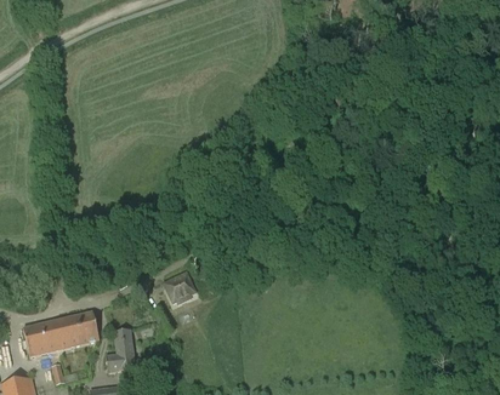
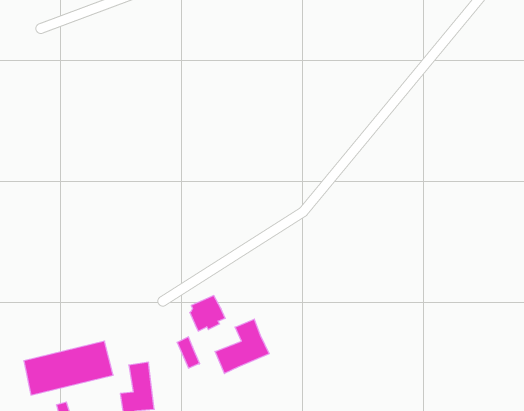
building: none -> [215,319,269,374]

